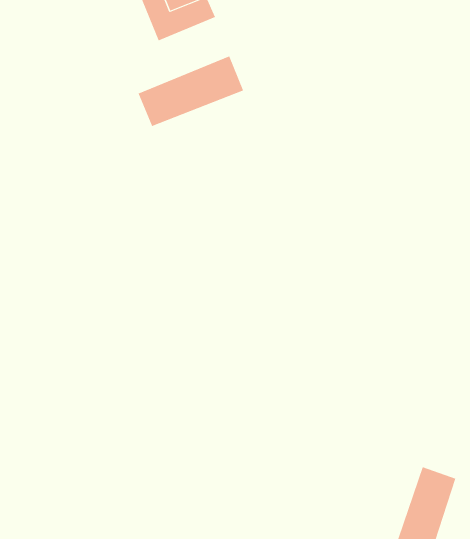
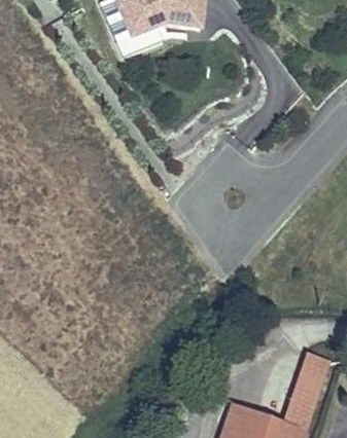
building: [138,56,244,127] -> none

